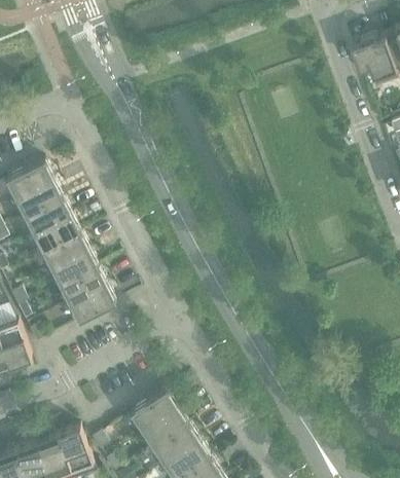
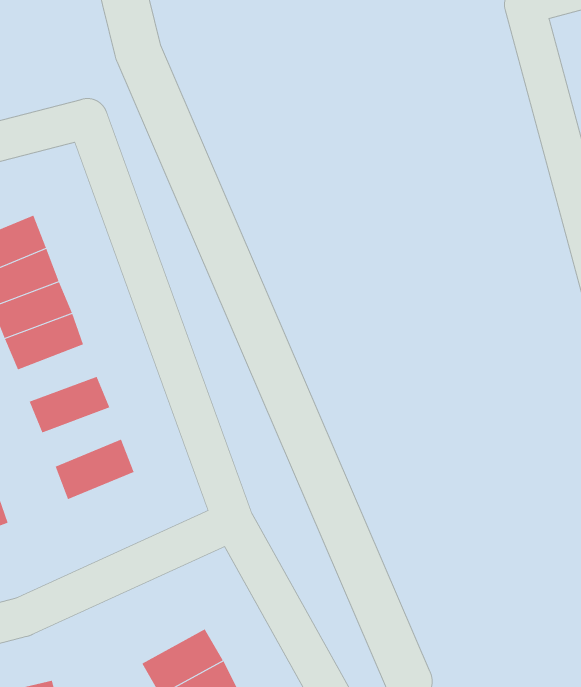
building: [42,232,88,268] -> none
building: [60,267,106,304] -> none

